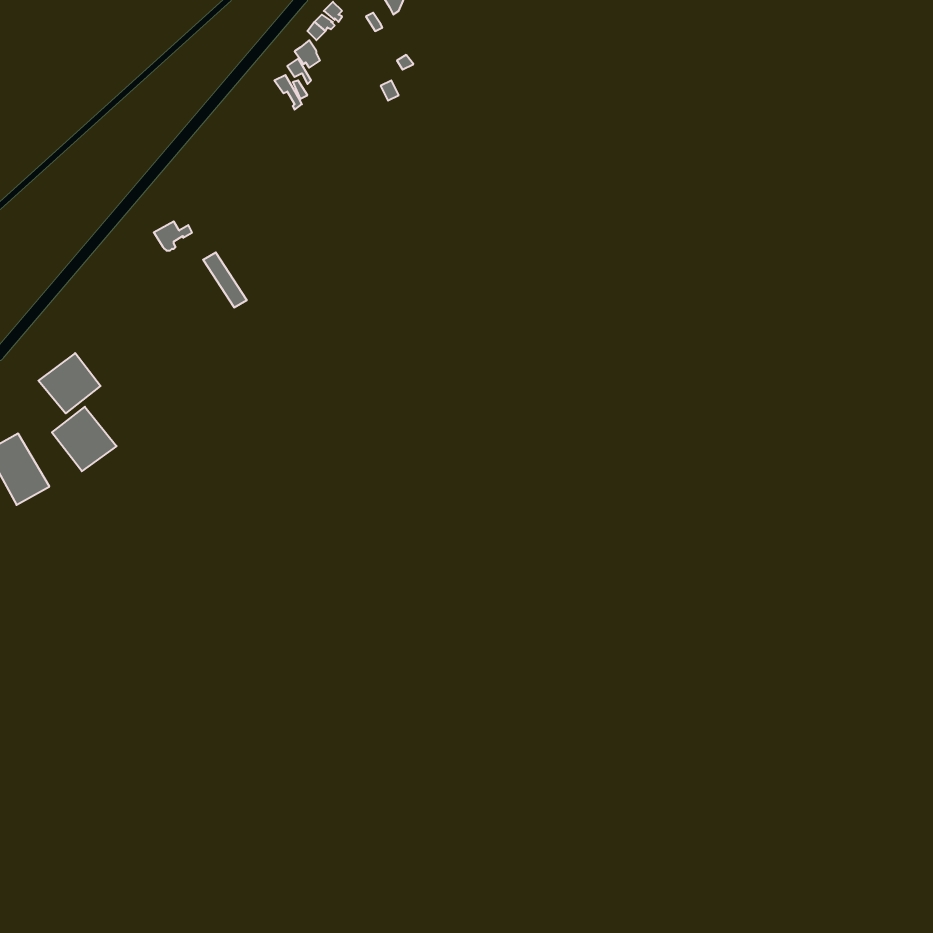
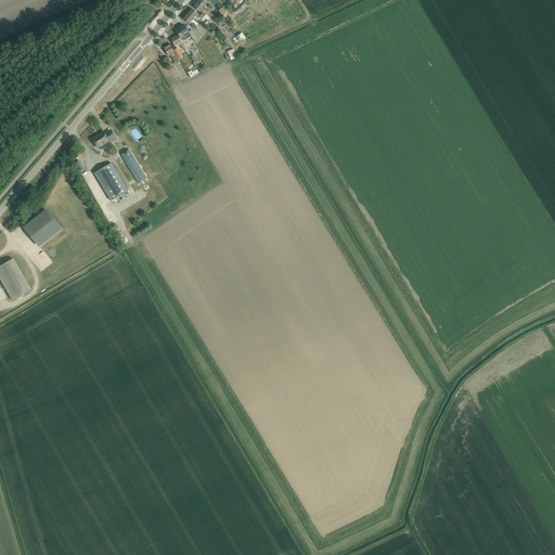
building: none -> [93,162,128,199]
building: [52,407,117,471] -> none

